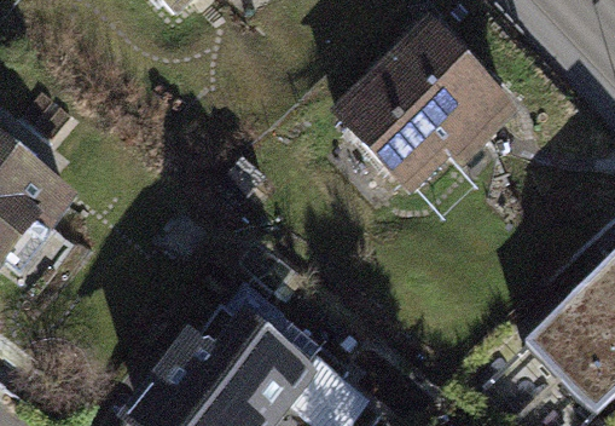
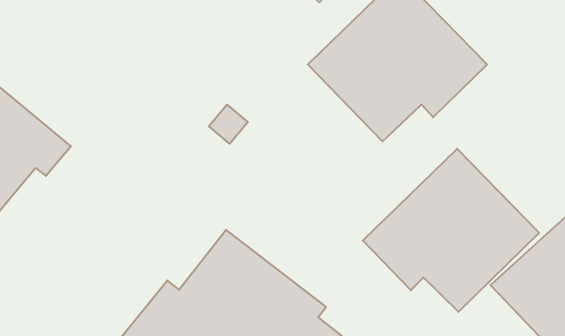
building: none -> [363,149,539,312]

